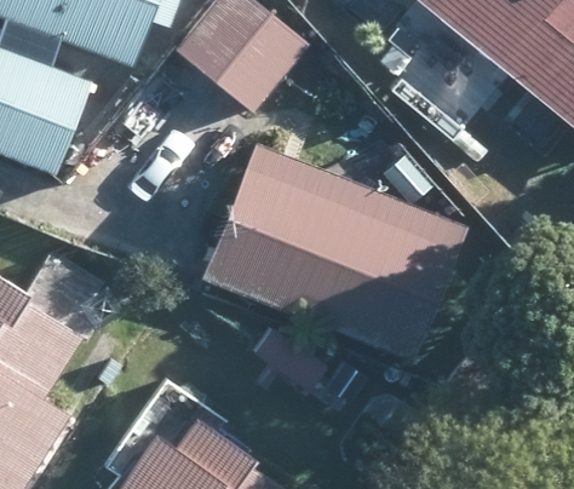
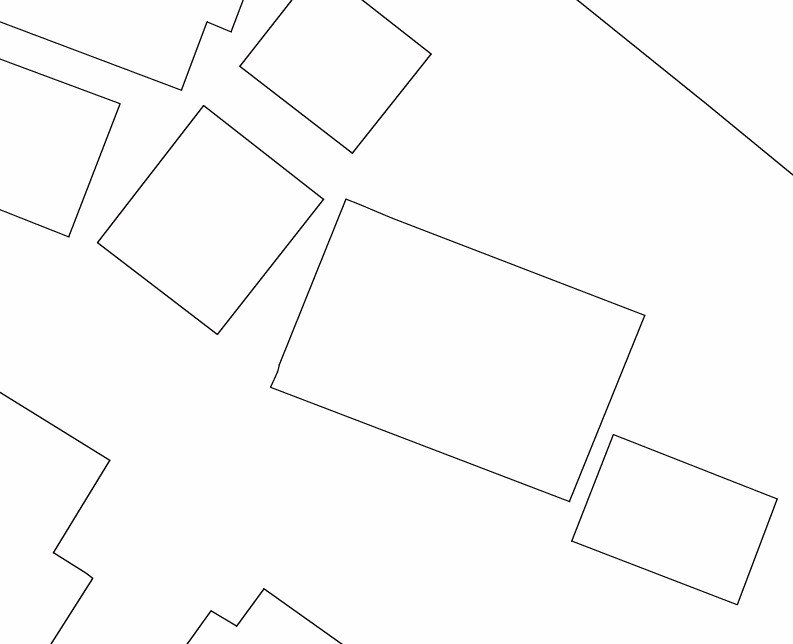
building: none -> [98,106,324,334]
building: none -> [572,435,777,605]

